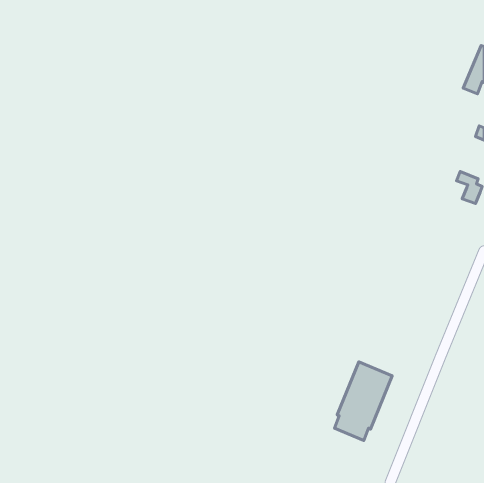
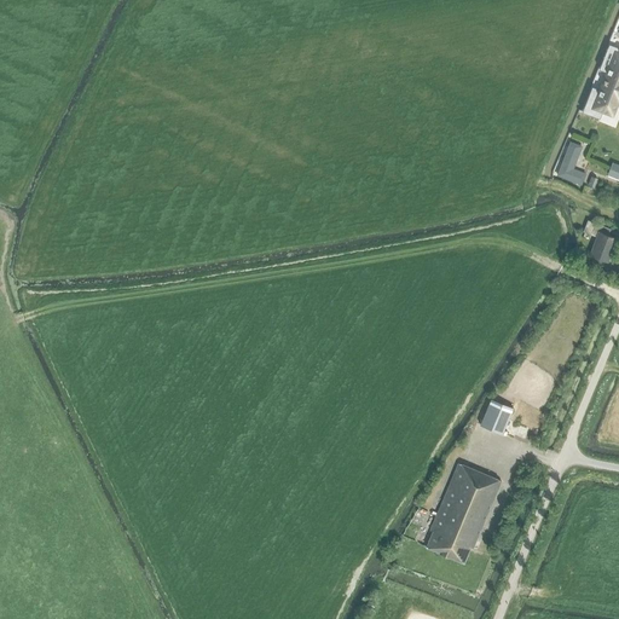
building: none -> [556,140,585,184]
building: none -> [480,399,513,433]

